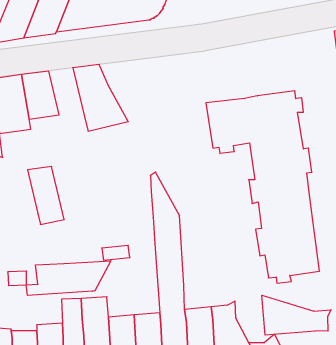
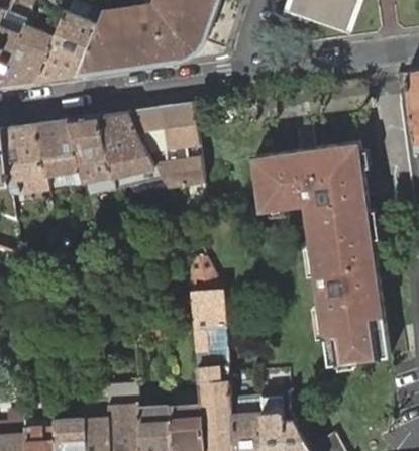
building: none -> [127,103,202,188]
building: [28,166,64,224] -> [68,116,111,185]
building: [26,261,111,295] -> none
building: [262,295,331,335] -> none

